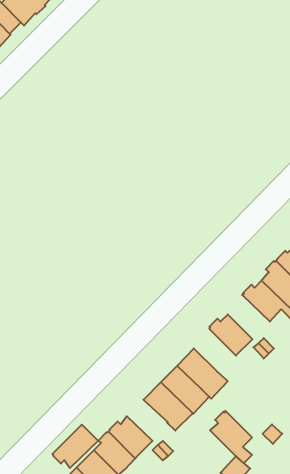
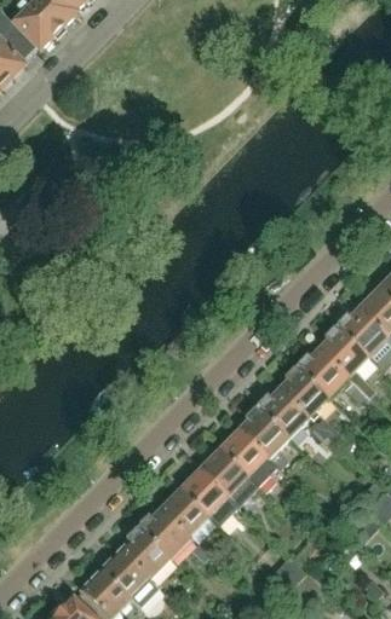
building: none -> [278,366,328,418]
building: none -> [160,490,208,538]
building: [210,411,252,463] -> [238,406,288,468]
building: [52,425,98,468] -> none

